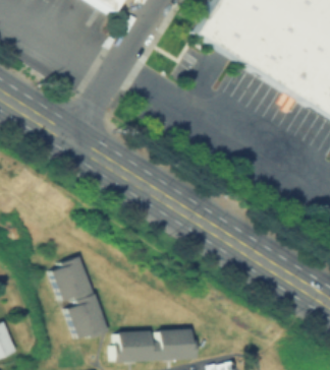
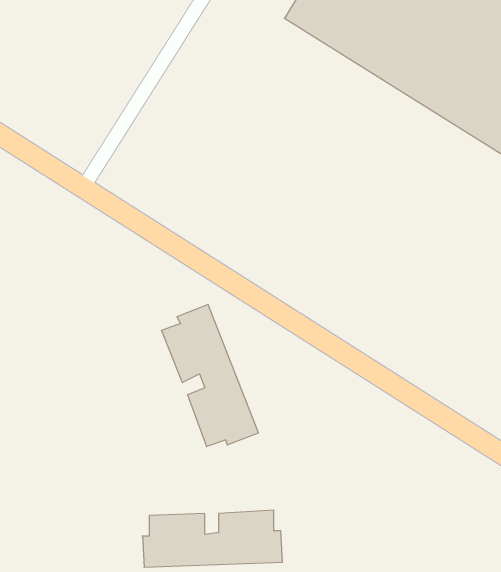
building: [51,254,108,337] -> [161,305,258,447]

